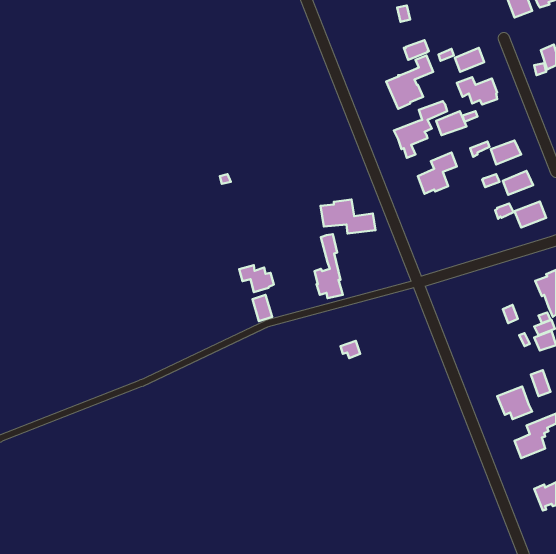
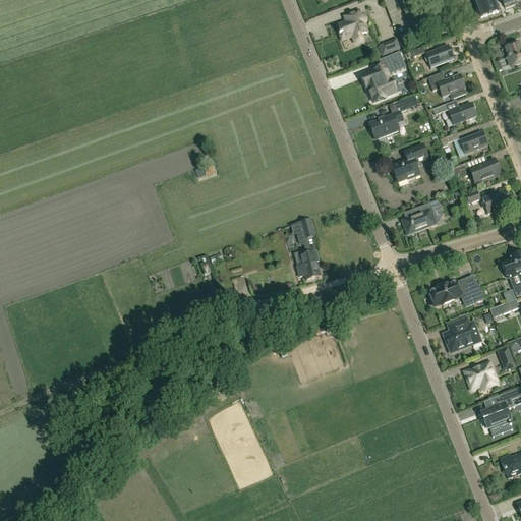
building: none -> [338,10,366,44]
building: [436,111,467,135] -> [448,102,476,124]
building: [320,200,376,234] -> none
building: none -> [401,198,440,234]
building: [239,265,274,292] -> none
building: none -> [428,279,469,306]
building: none -> [442,316,482,354]

